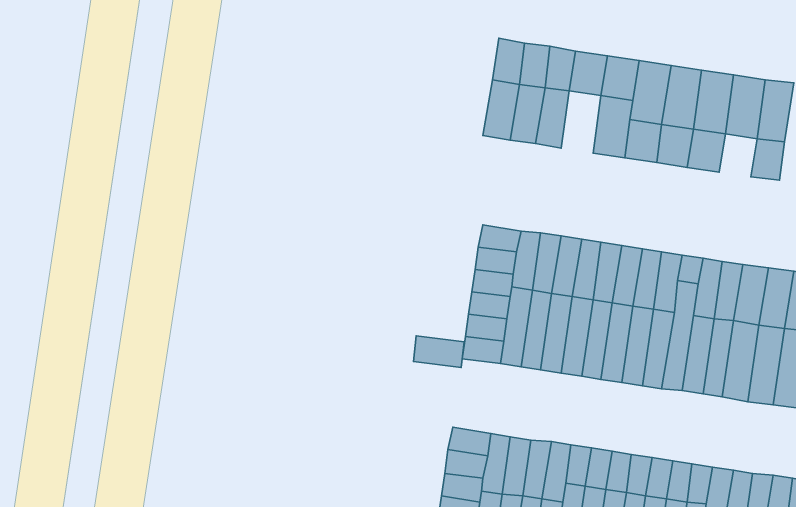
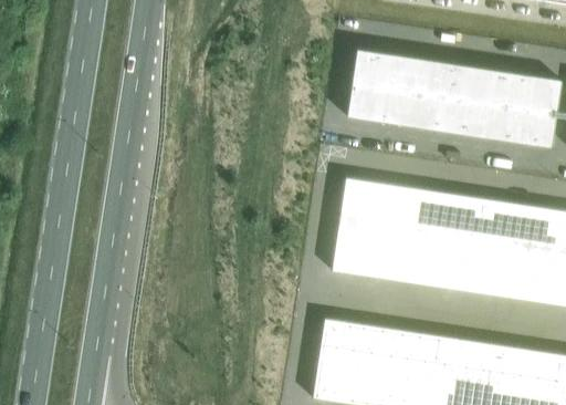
building: none -> [401,85,429,128]
building: none -> [511,115,537,145]
building: [413,336,464,367] -> none

